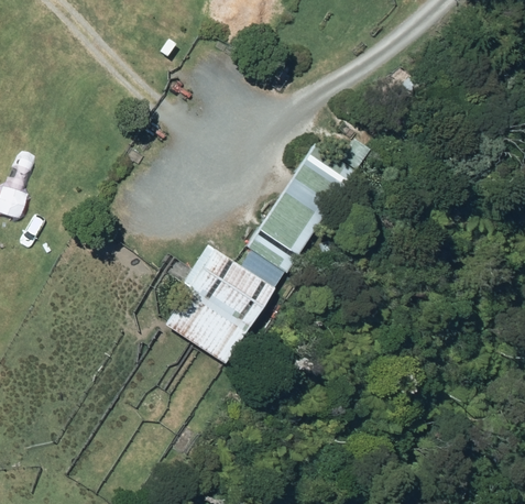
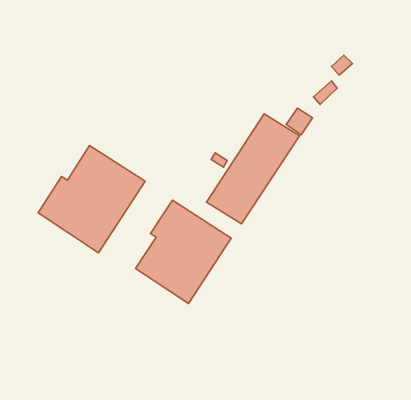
building: none -> [38,146,145,253]

